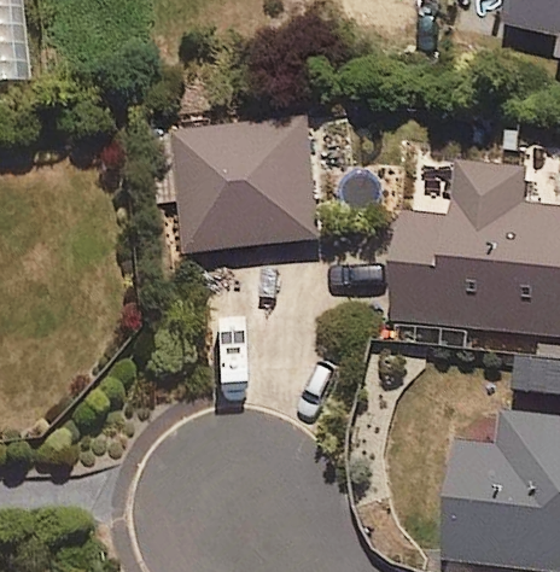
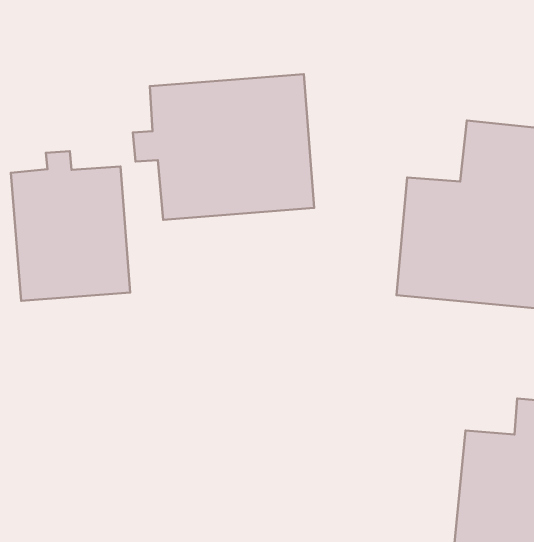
building: none -> [11,151,130,301]

